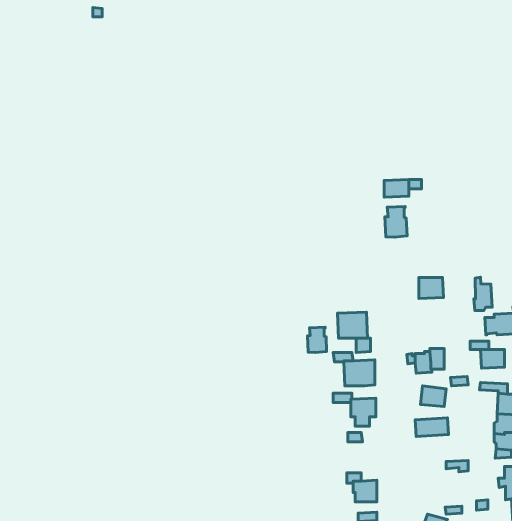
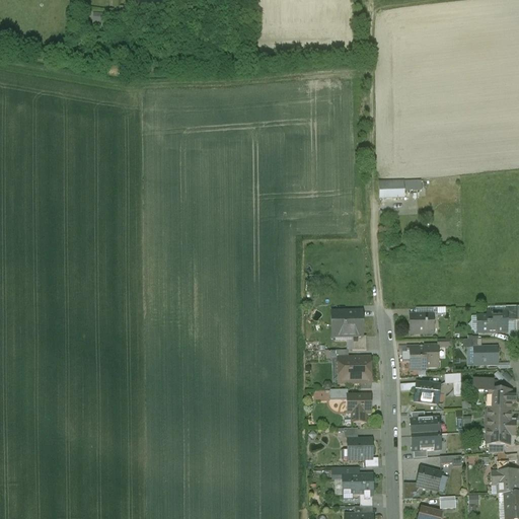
building: [385,207,407,237] -> none
building: [474,277,492,310] -> none
building: [419,278,444,298] -> [410,313,434,333]
building: [307,327,327,352] -> none
building: none -> [411,430,443,451]
building: none -> [348,439,371,458]
building: none -> [417,467,441,491]

